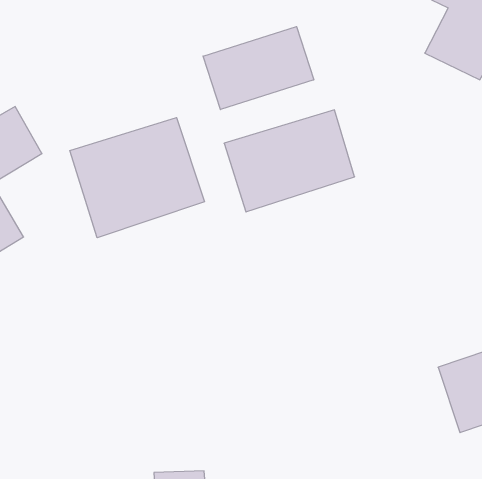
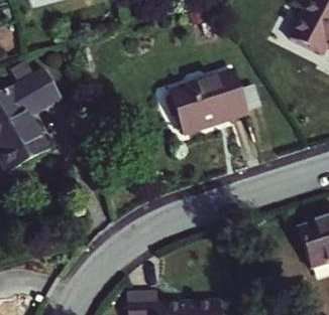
building: [203,27,314,110] -> none
building: [70,118,204,238] -> none

